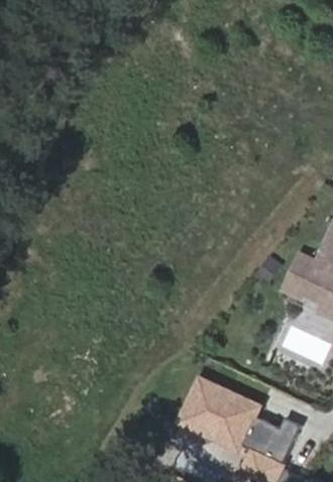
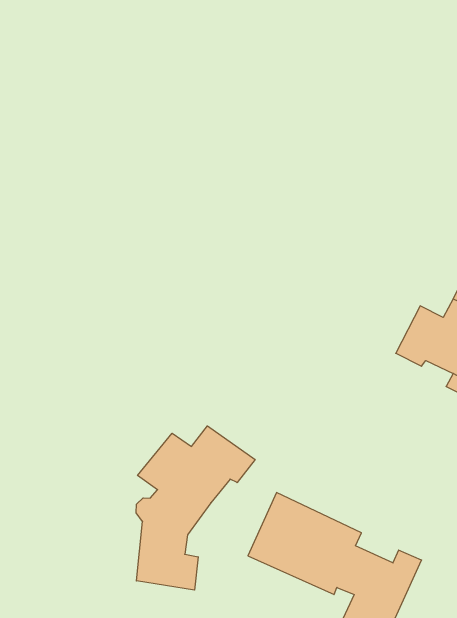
building: none -> [136,426,255,590]

